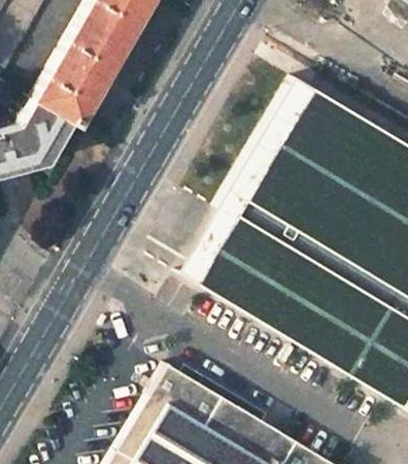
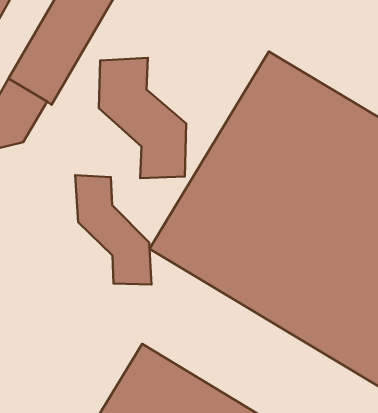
building: none -> [99,58,186,178]
building: none -> [75,175,152,285]

